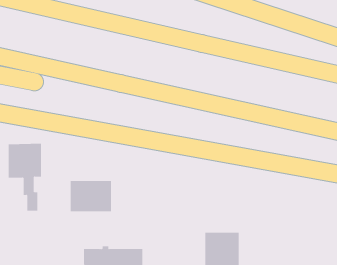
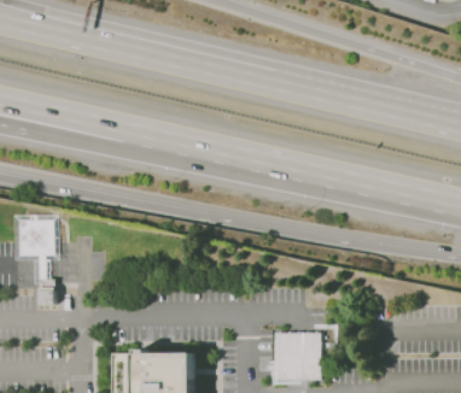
building: [70,180,111,212] -> none

